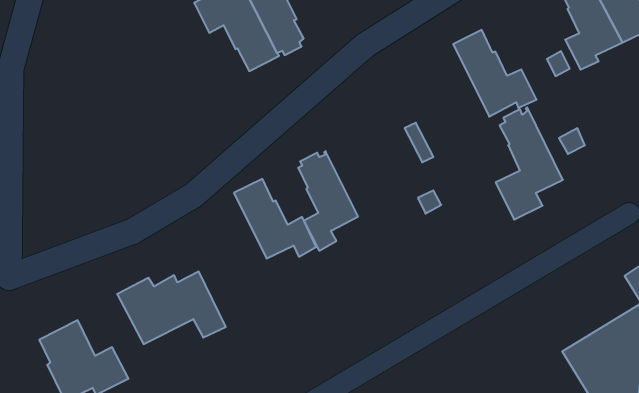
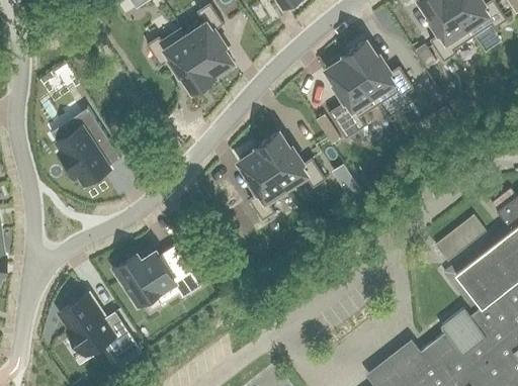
building: none -> [57,109,121,185]
building: [496,107,563,220] -> [327,54,379,139]
building: [234,179,316,258] -> [259,132,326,192]
building: none -> [435,215,487,263]

